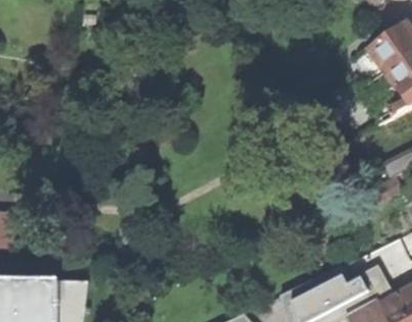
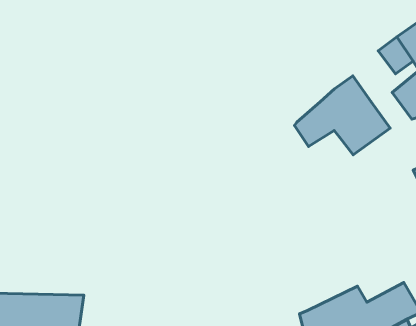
building: none -> [294,76,390,155]

